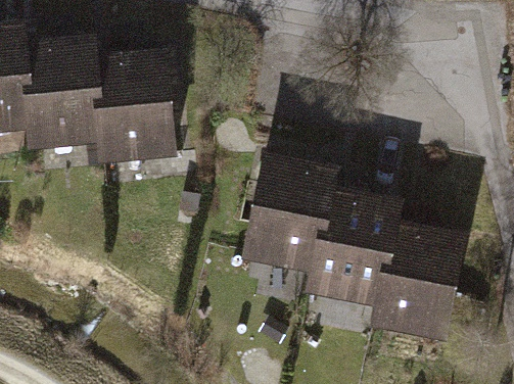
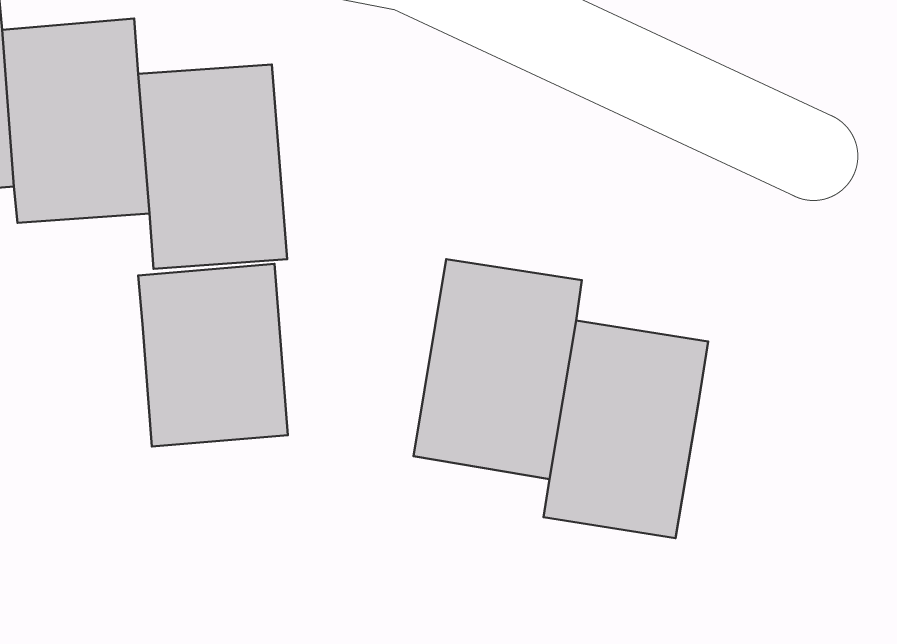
building: none -> [138,264,288,447]
building: [376,233,464,350] -> none

